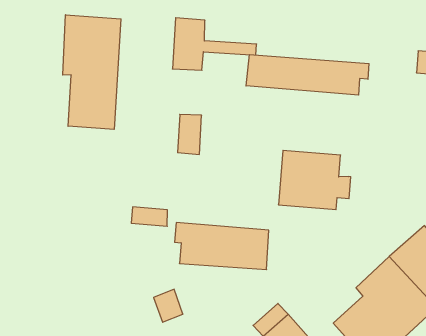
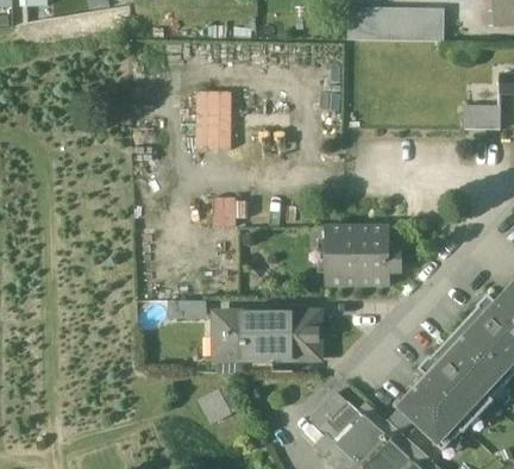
building: [63,15,121,129] -> none
building: [246,55,369,95] -> none

